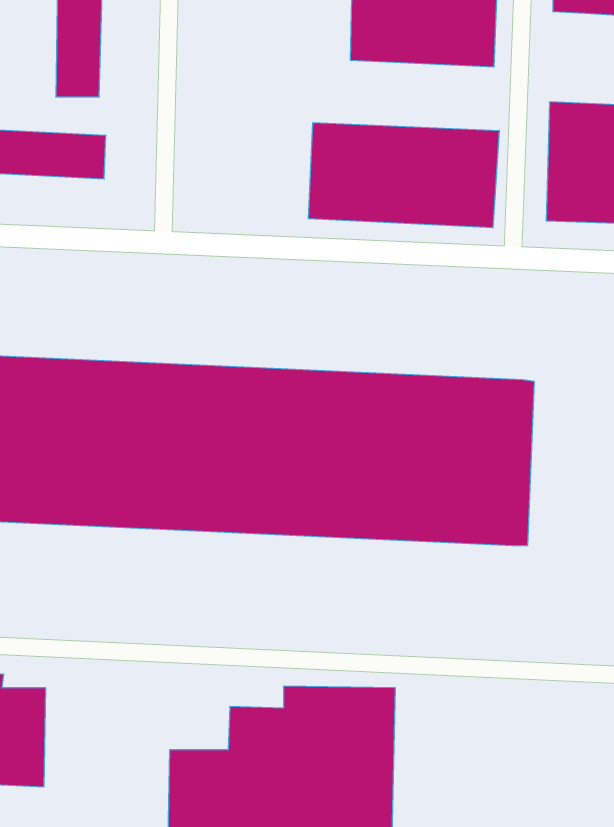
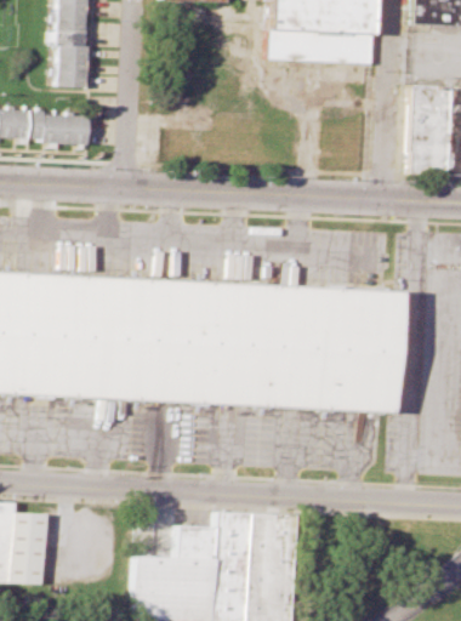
building: [309,123,499,228] -> none

